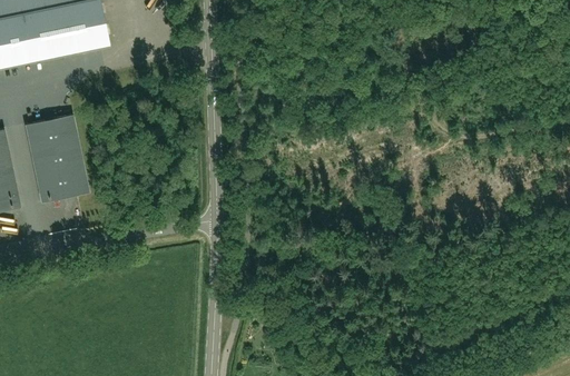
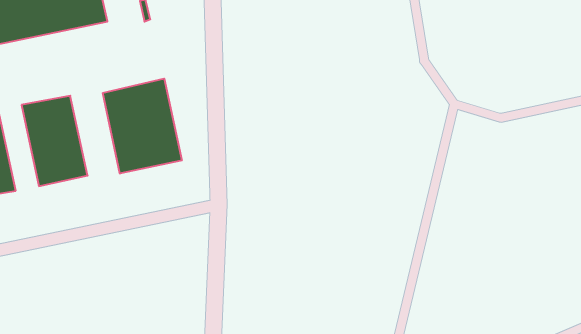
building: none -> [103,79,182,174]

